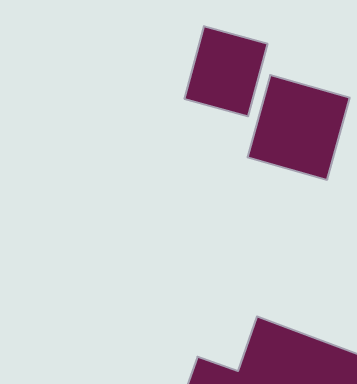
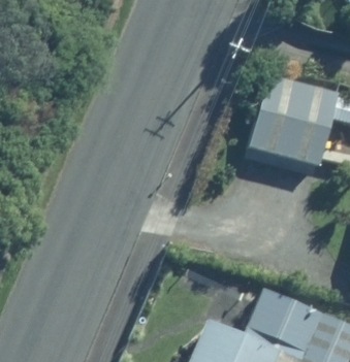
building: [185,26,267,116] -> none

